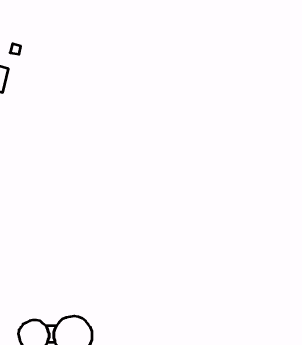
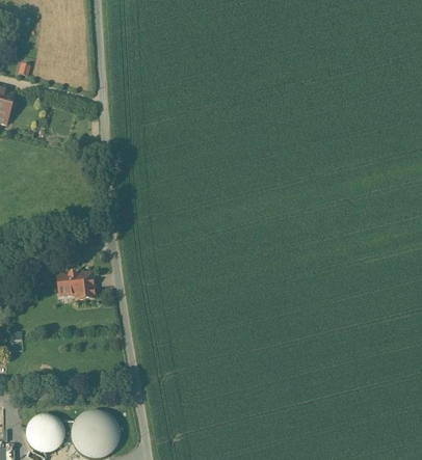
building: none -> [57,272,94,300]

